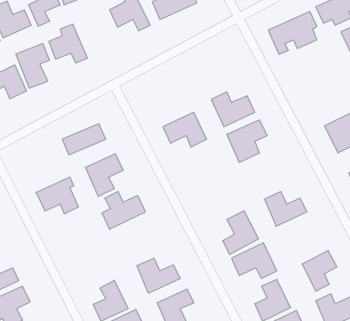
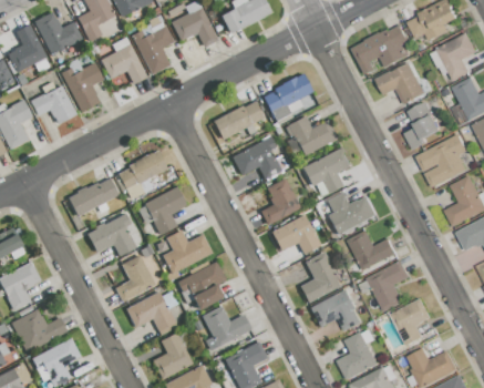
building: none -> [132,21,173,74]
building: none -> [375,62,424,103]
building: none -> [264,75,311,121]
building: none -> [213,101,264,139]
building: none -> [404,101,441,146]
building: none -> [68,176,119,216]
building: none -> [260,178,300,225]
building: none -> [322,194,377,235]
building: none -> [271,216,318,254]
building: none -> [115,255,154,300]
building: none -> [368,261,410,310]
building: none -> [177,263,224,309]
building: none -> [125,293,176,335]

